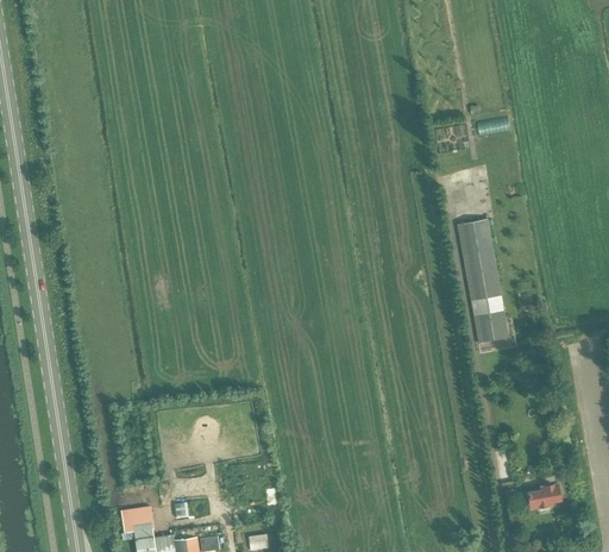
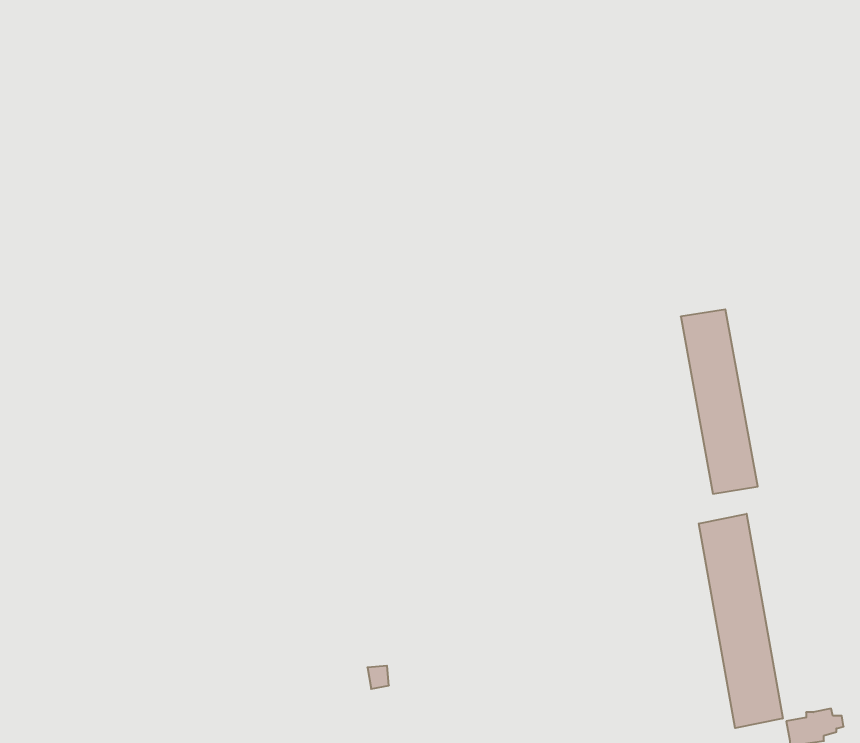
building: none -> [699,514,783,728]

